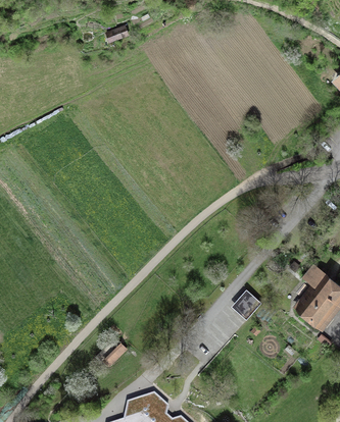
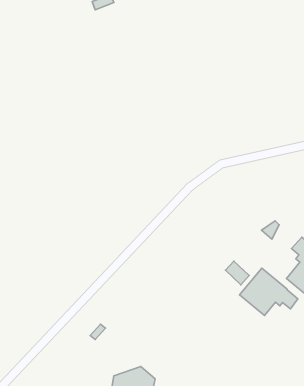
building: none -> [239,268,298,315]

